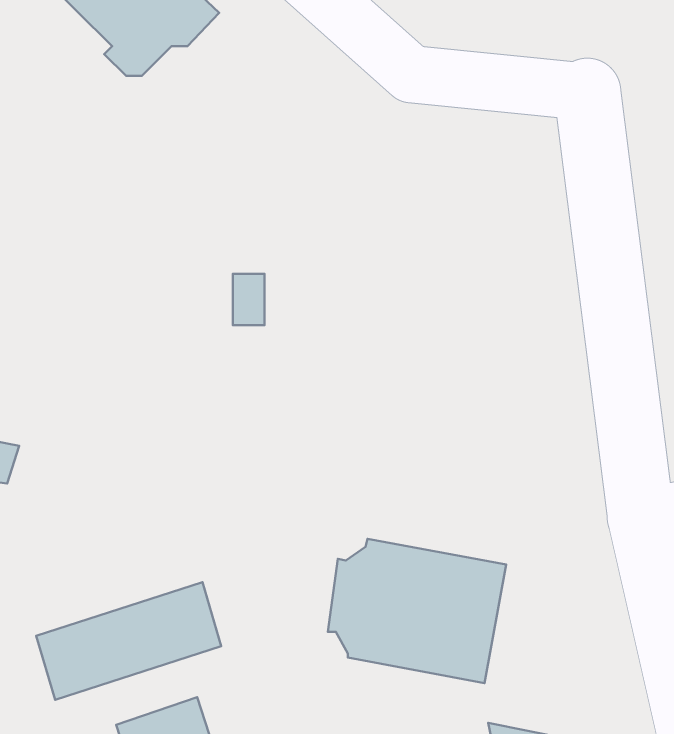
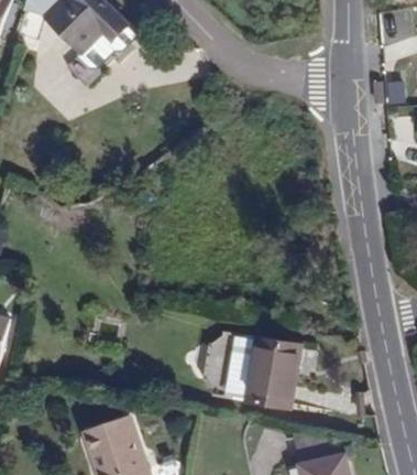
building: [36,582,221,700] -> none

